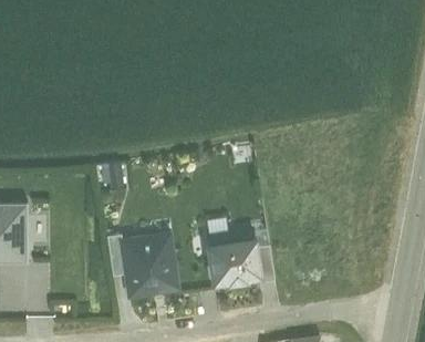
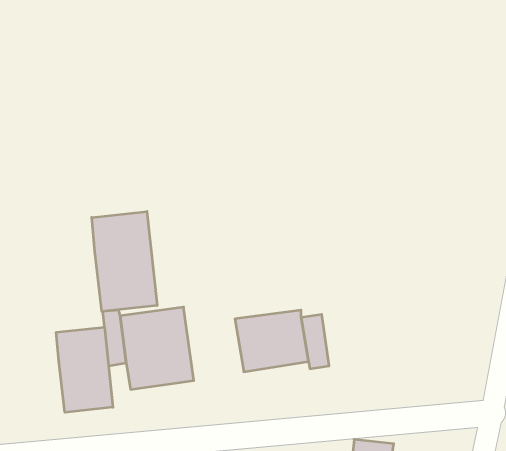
building: none -> [92,211,157,312]
building: none -> [56,327,113,412]

